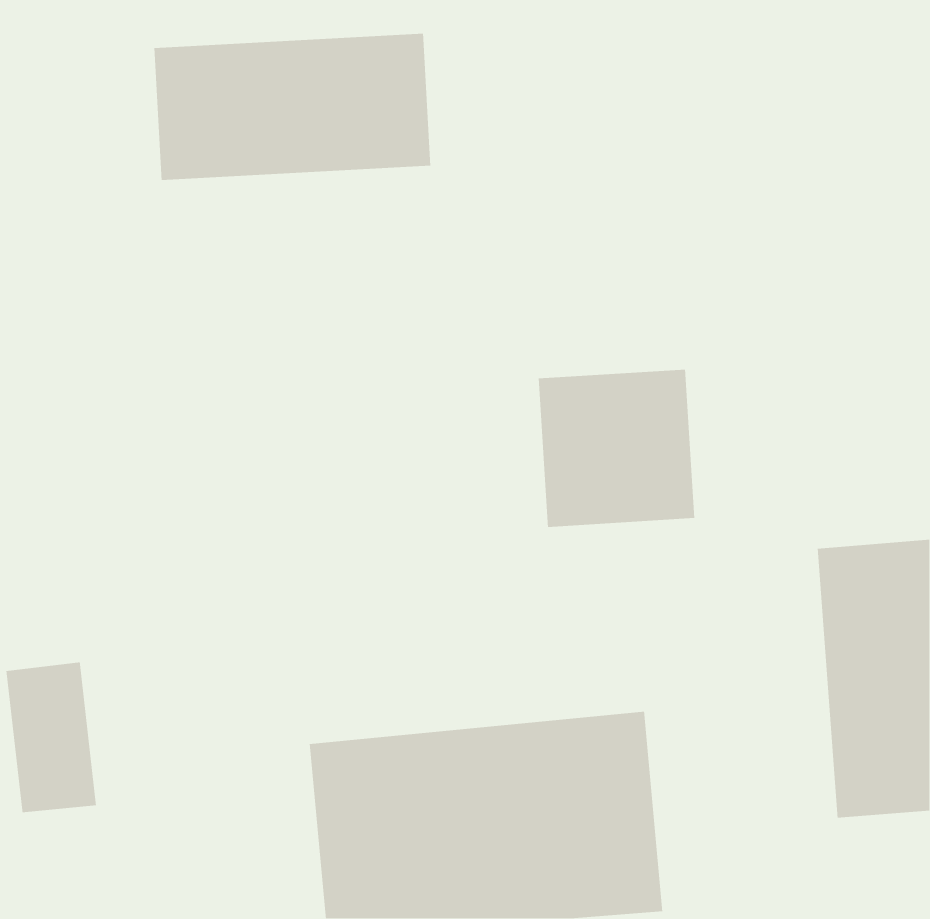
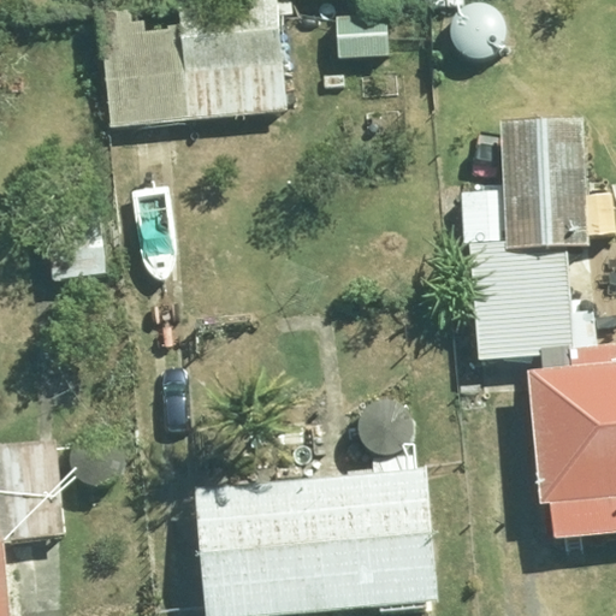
building: none -> [500,123,588,245]
building: [538,369,695,528] -> [468,254,571,359]

